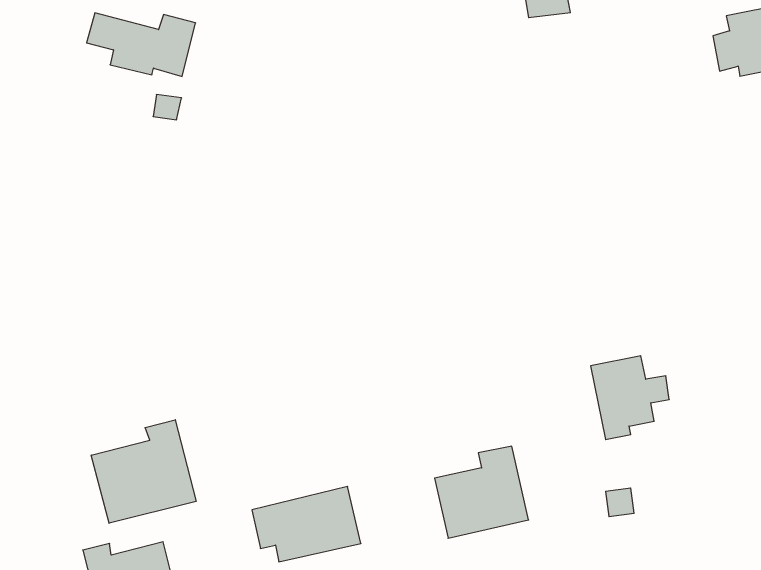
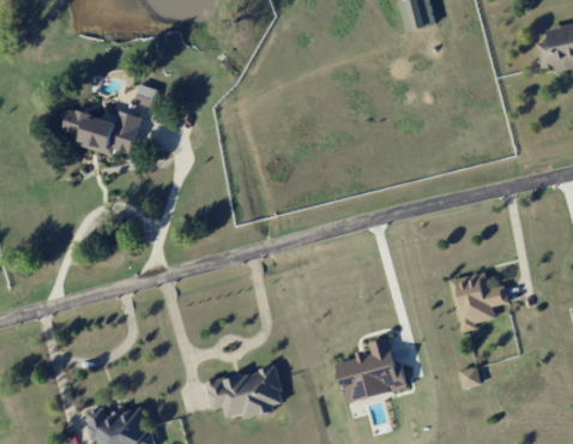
building: [87,13,196,76] -> [64,108,141,154]
building: [91,420,196,523] -> none

